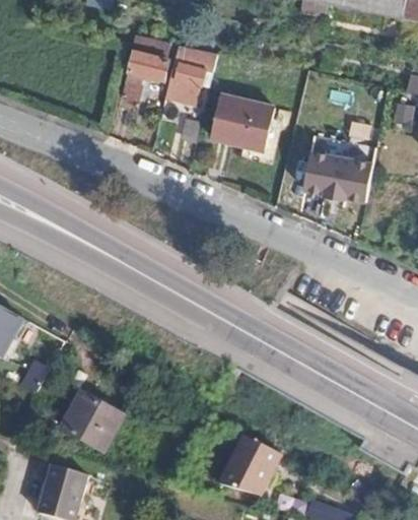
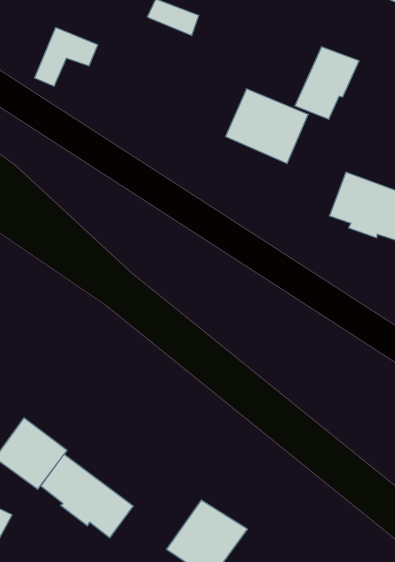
building: [164,46,210,104] -> [295,47,359,119]
building: [122,51,168,99] -> [34,28,98,86]
building: none -> [41,454,133,538]

